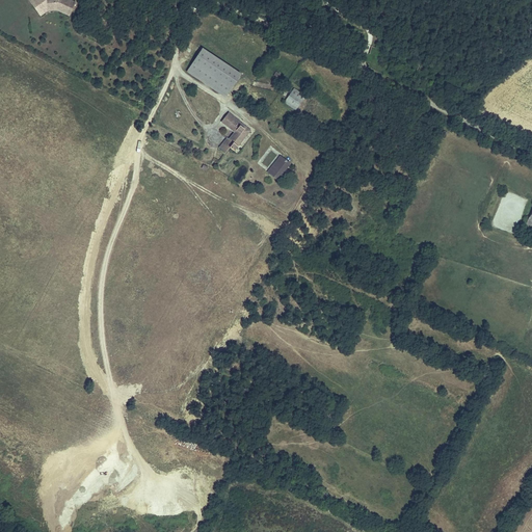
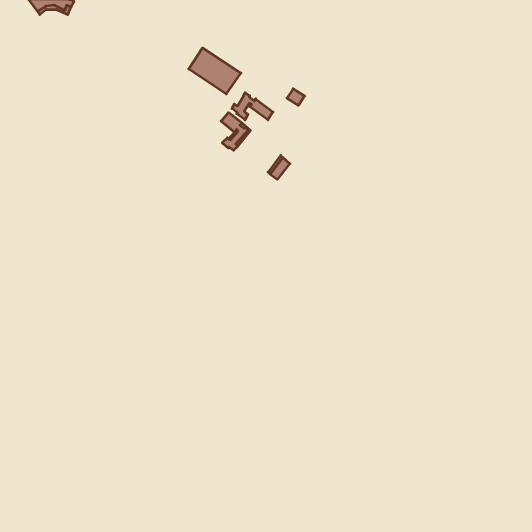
building: none -> [232,93,273,120]

